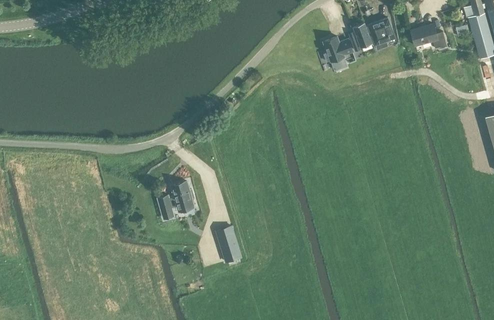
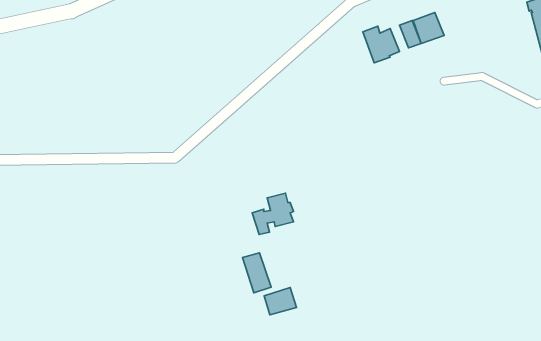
building: [410,25,446,49] -> none
building: [158,183,194,219] -> [252,193,294,235]
building: none -> [264,287,296,315]

